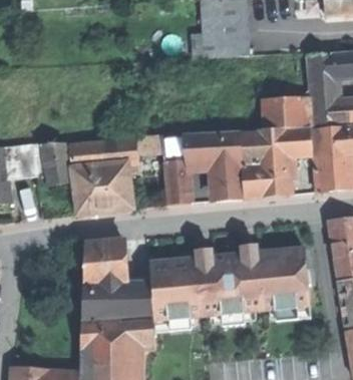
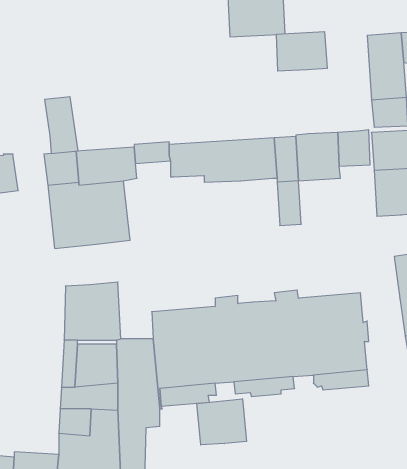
building: [264,99,302,128] -> [276,32,327,71]
building: [45,141,70,183] -> [45,97,78,153]
building: [164,159,191,203] -> none
building: [215,161,242,201] -> none
building: [258,161,291,196] -> none
building: none -> [197,399,247,445]

